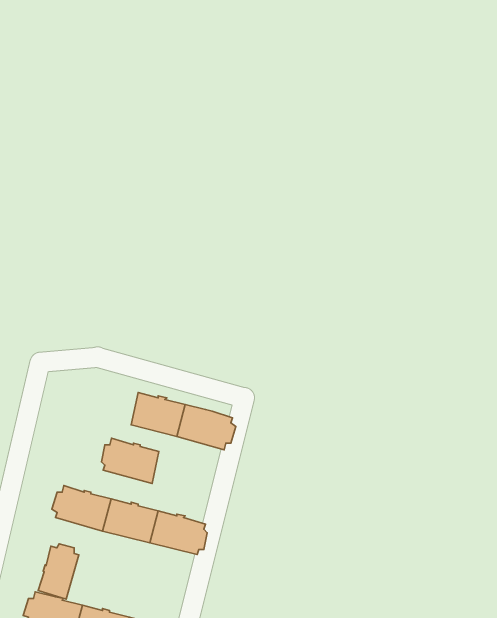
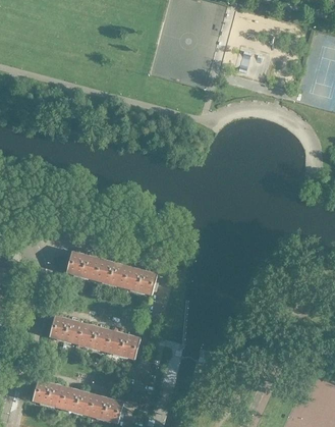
building: [101,438,159,484] -> [61,251,96,278]
building: [38,544,79,599] -> none

